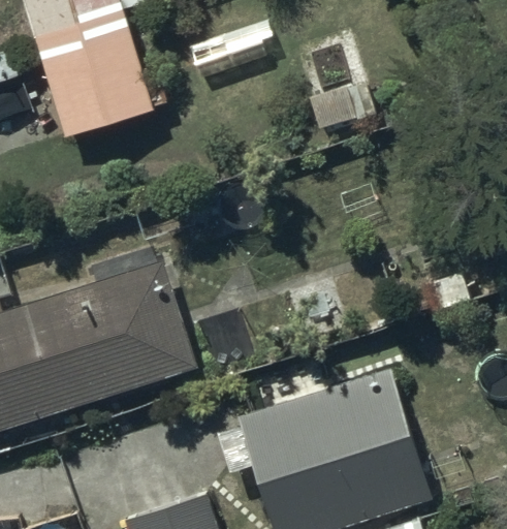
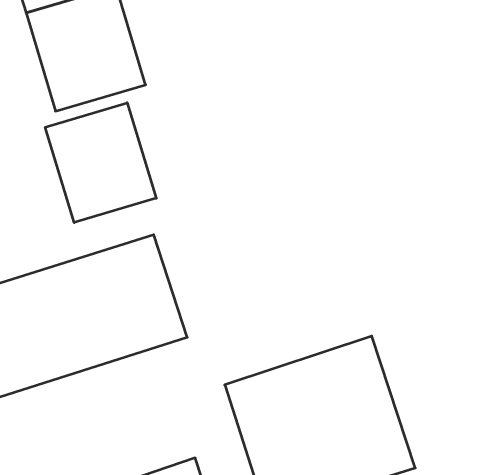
building: none -> [45,103,156,223]

